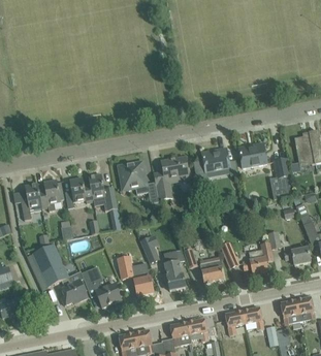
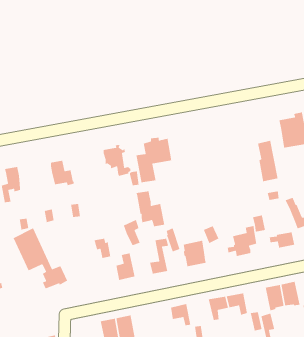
building: [238,142,266,168] -> none
building: [201,148,229,172] -> none
building: [88,174,117,211] -> [136,190,165,227]
building: [39,180,63,211] -> none
building: [81,266,120,308] -> none
building: [169,322,191,347] -> none

